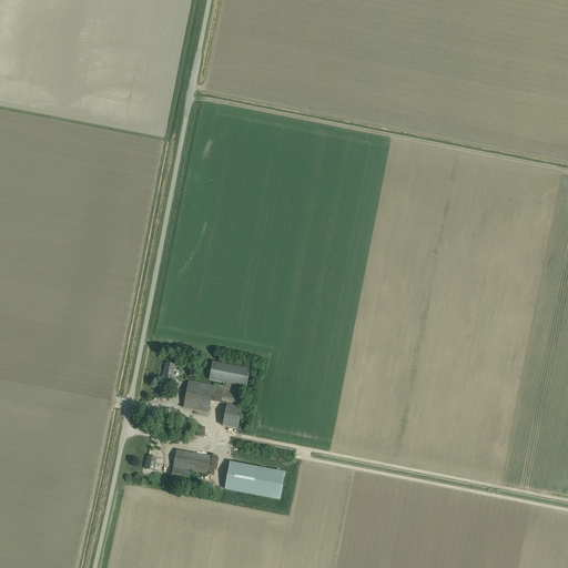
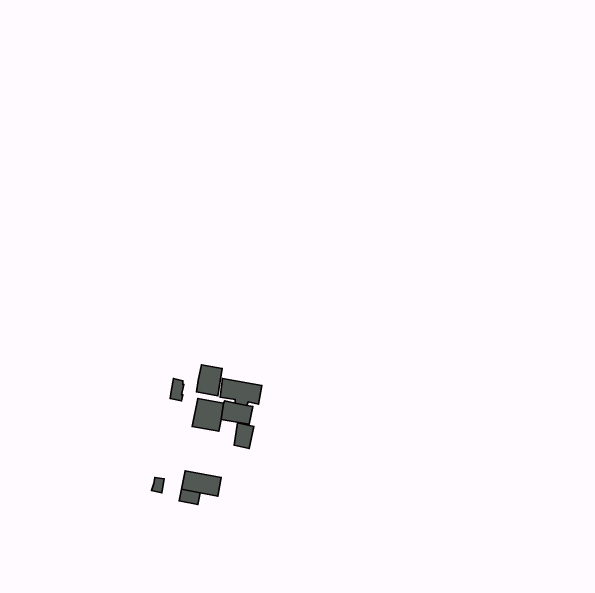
building: none -> [196,365,222,396]
building: [224,460,284,499] -> none

